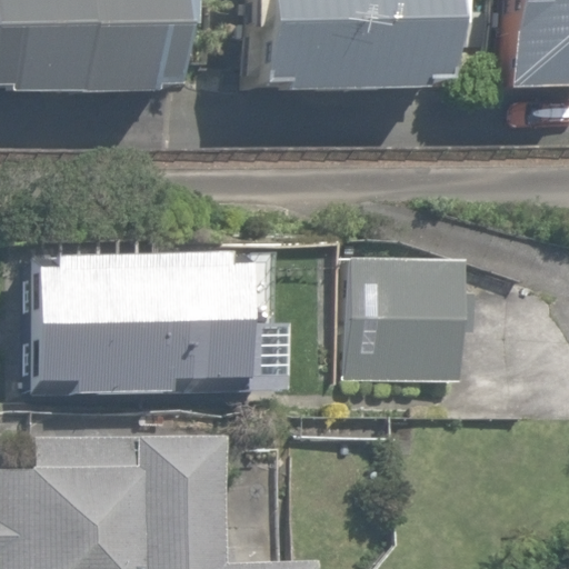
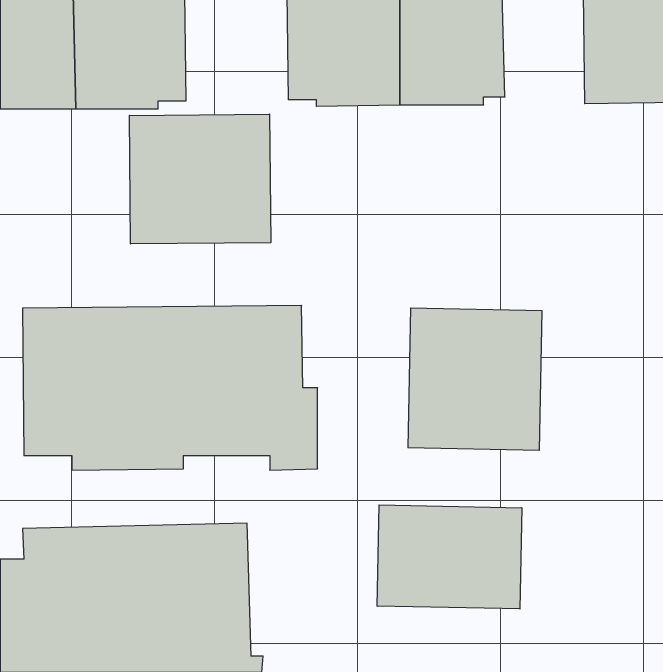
building: none -> [129,114,271,244]
building: none -> [377,505,522,609]

